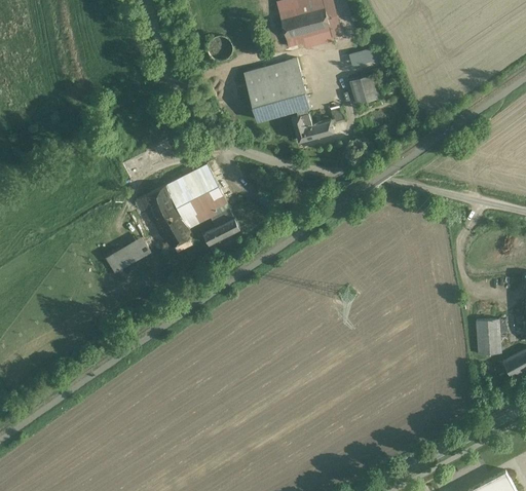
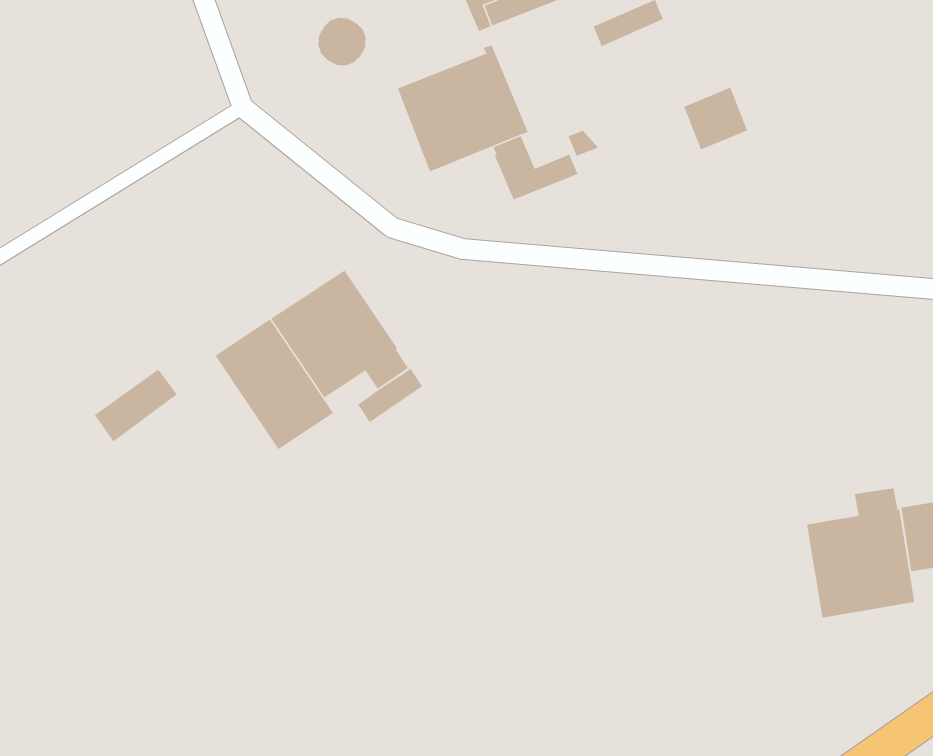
building: [349,73,381,104] -> [683,87,748,151]
building: [106,238,150,273] -> [94,369,178,442]
building: none -> [806,487,915,619]

